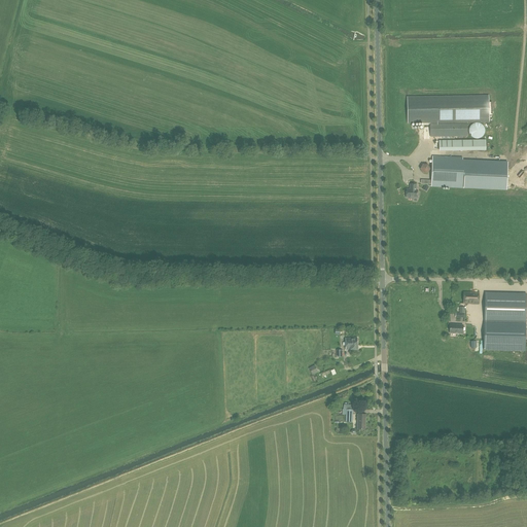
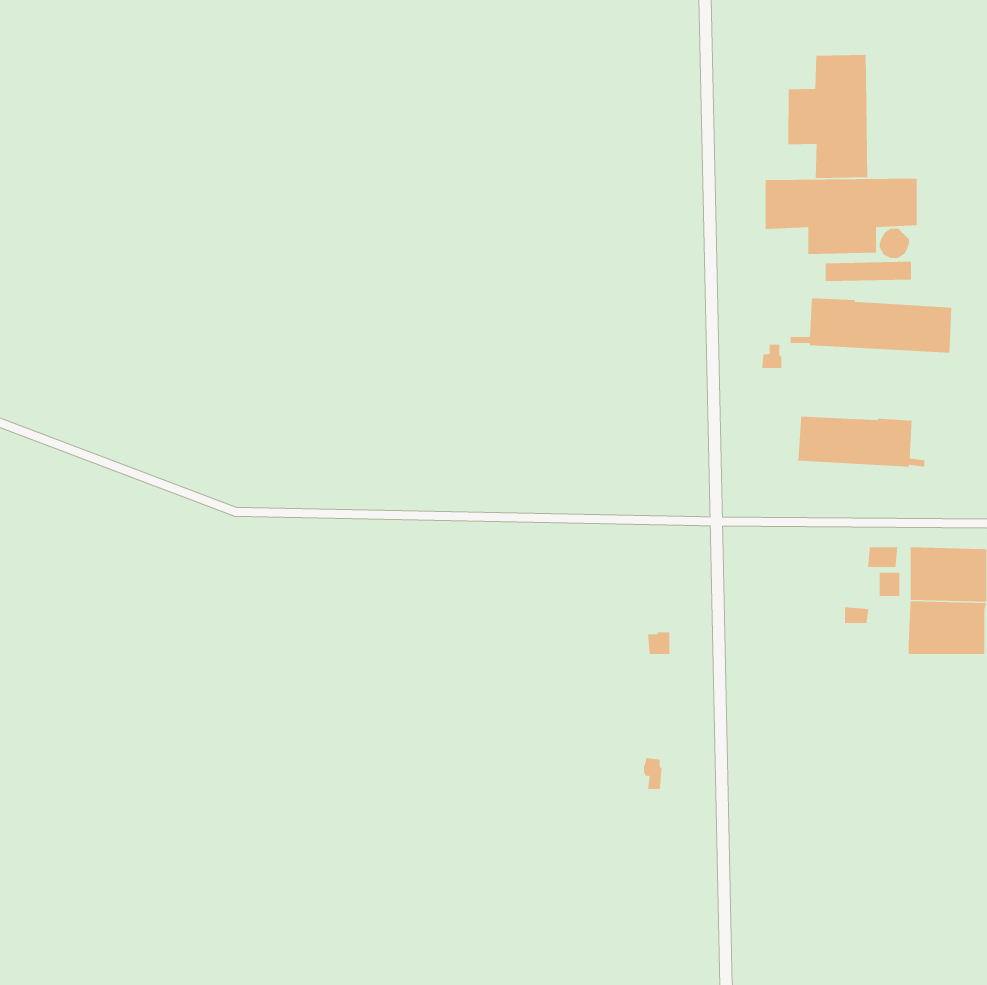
building: none -> [787,54,868,179]
building: none -> [797,416,926,467]

